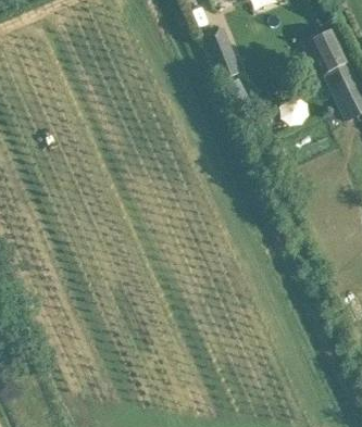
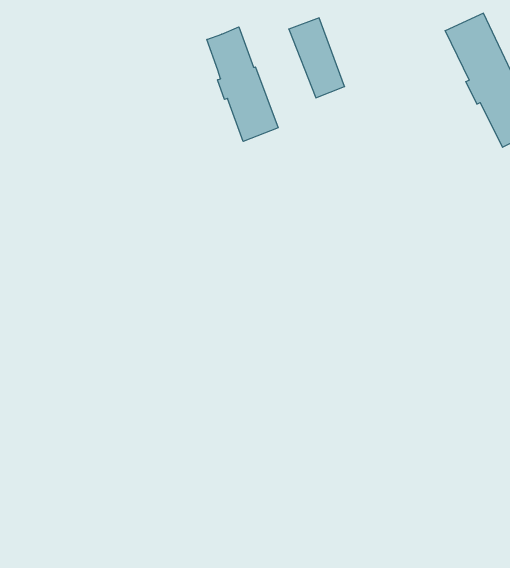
building: none -> [207,27,278,141]

